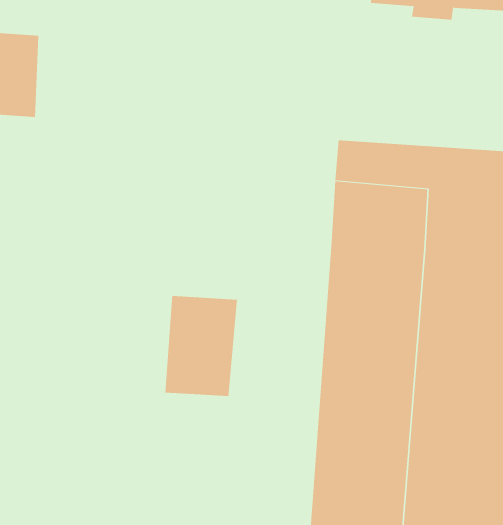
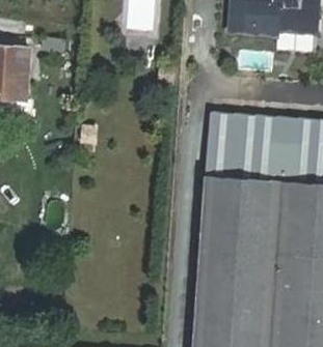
building: [165,295,237,397] -> none

